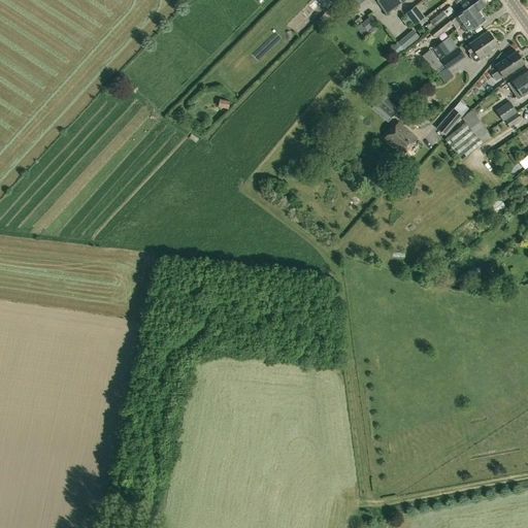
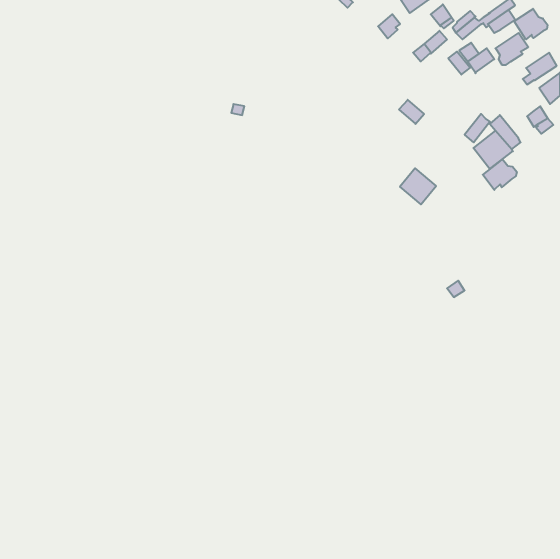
building: none -> [514,9,548,39]
building: [384,120,418,154] -> [400,168,436,204]
building: none -> [483,159,517,190]

